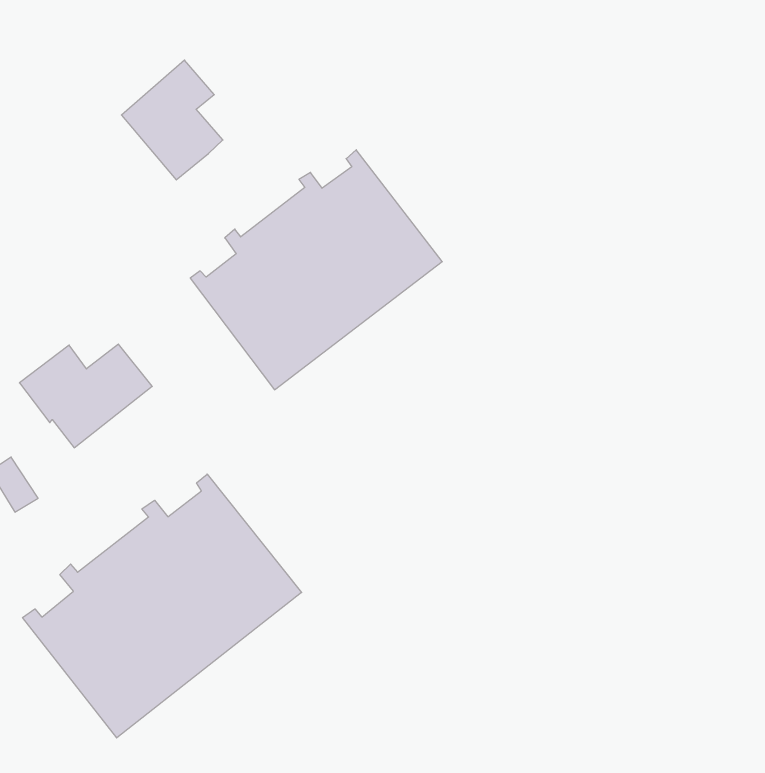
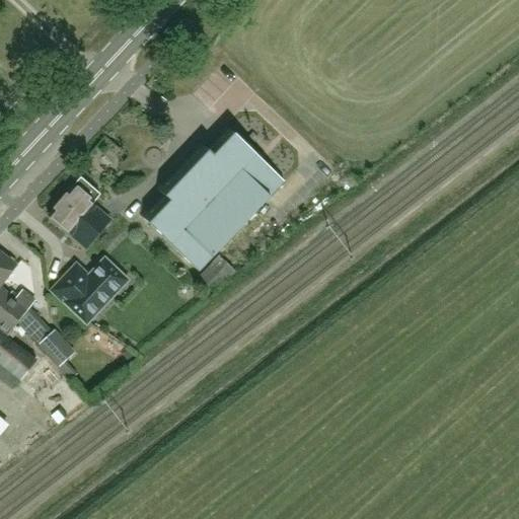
building: [121,60,223,180] -> [50,176,110,246]
building: [23,474,302,738] -> none

